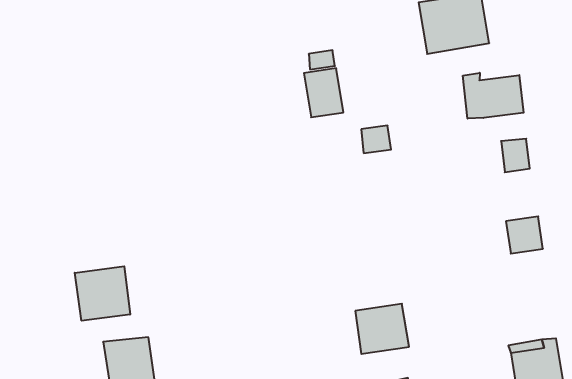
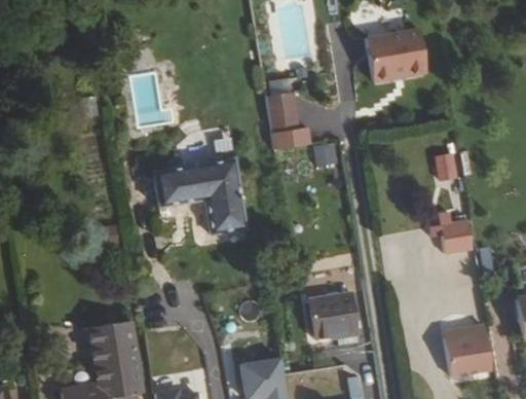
building: [463,73,524,119] -> none
building: none -> [153,158,247,235]
building: [75,266,130,321] -> none

